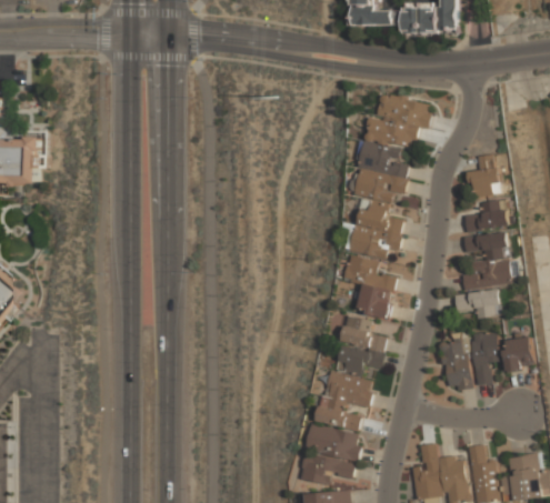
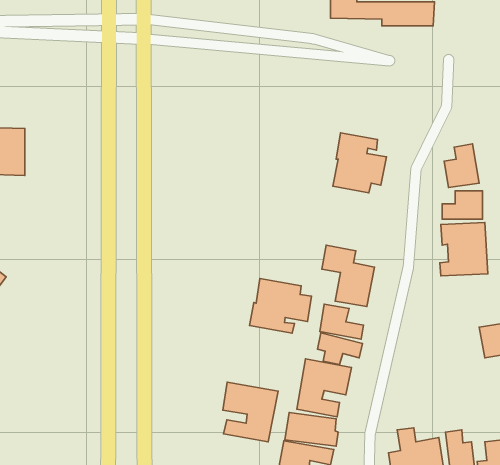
building: [363,93,431,149] -> none
building: [349,198,402,259] -> none
building: [454,289,501,315] -> none
building: none -> [250,279,311,333]
building: [470,329,500,384] -> none
building: [441,335,471,391] -> none
building: none -> [223,382,278,442]

